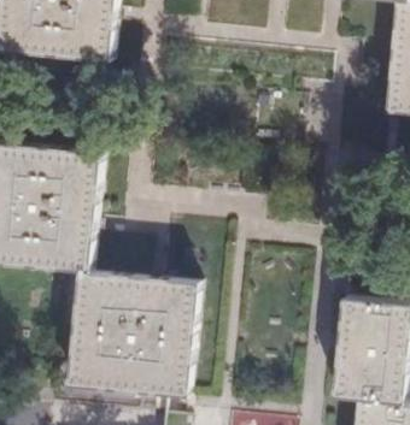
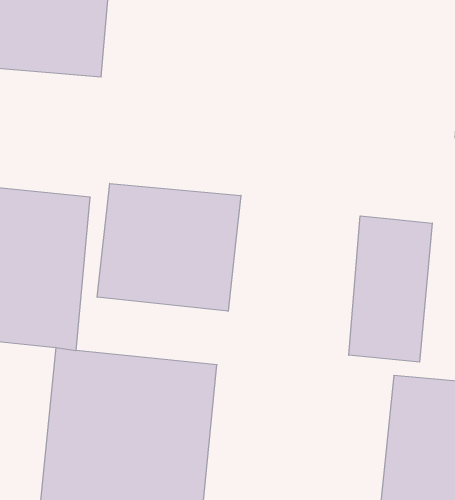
building: none -> [97,183,241,311]
building: none -> [349,216,432,362]

